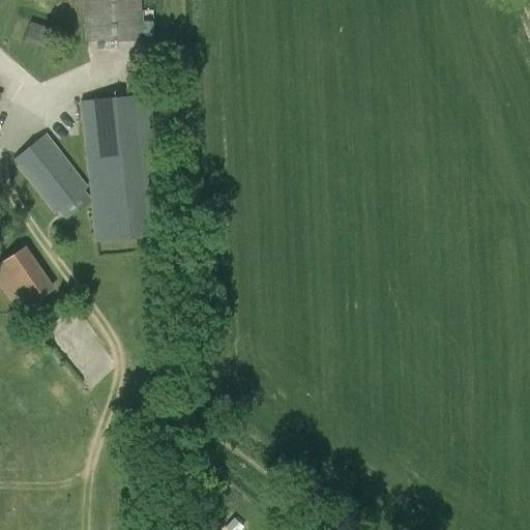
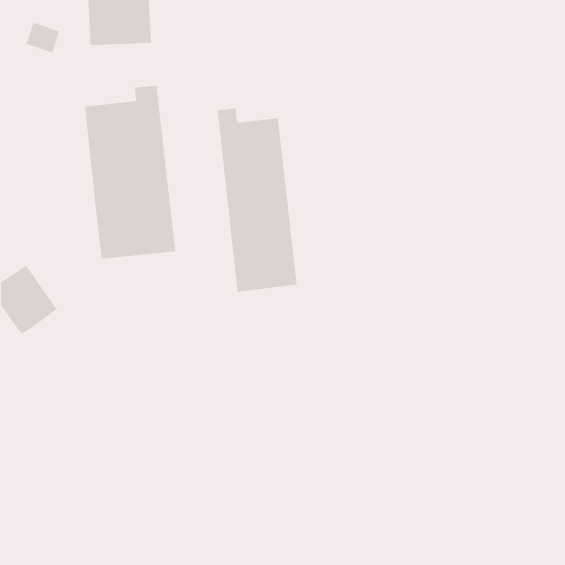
building: none -> [217,108,297,293]
building: [12,134,89,214] -> none

